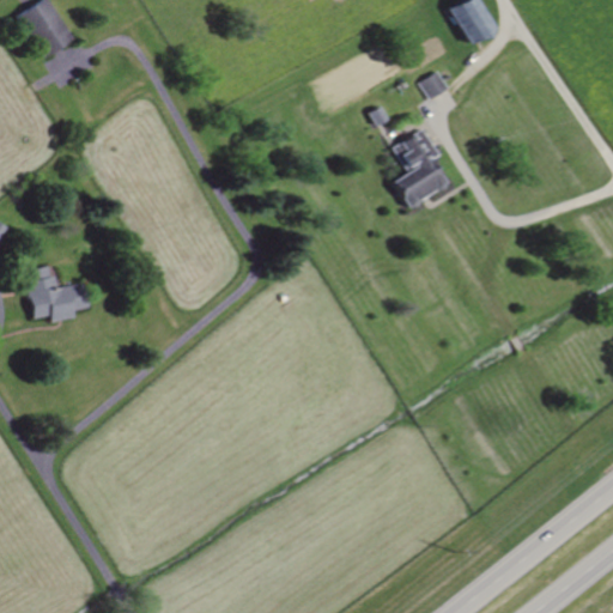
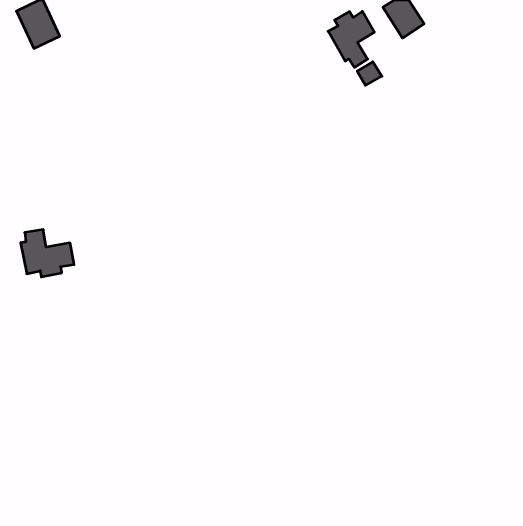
building: none -> [328,11,374,67]
building: [393,129,448,207] -> none

